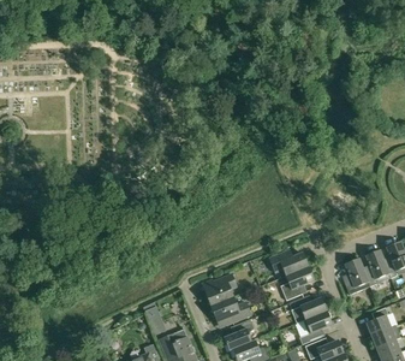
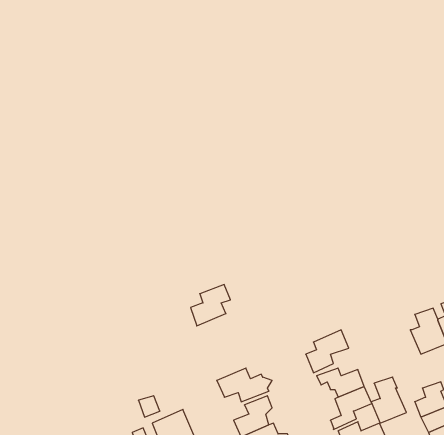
building: [269,250,308,276] -> none
building: [343,258,370,294] -> [371,377,406,423]
building: [206,273,237,306] -> [191,285,230,326]

